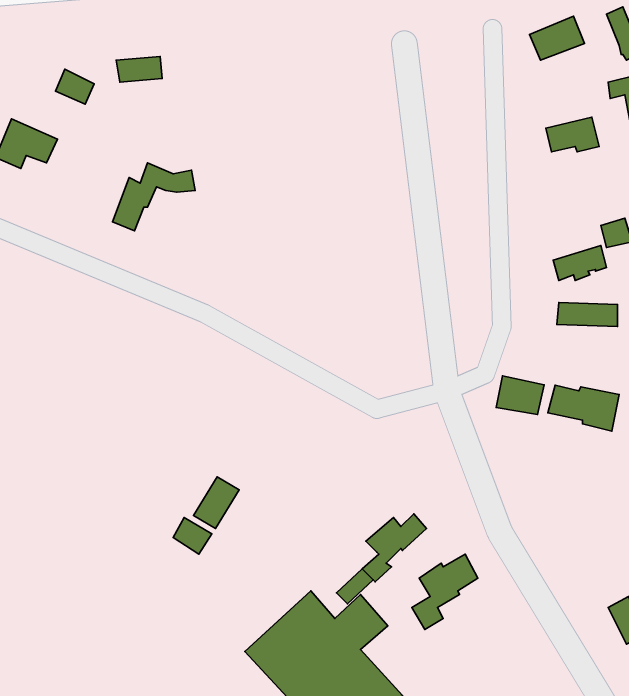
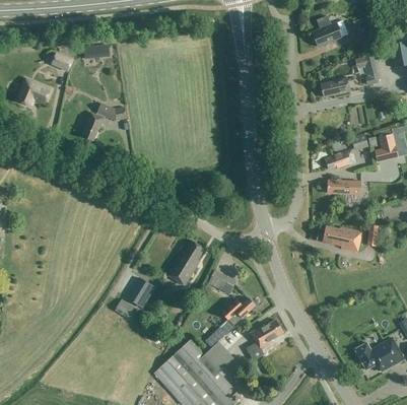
building: [496,376,544,415] -> none
building: none -> [166,240,204,285]
building: none -> [207,269,236,293]

